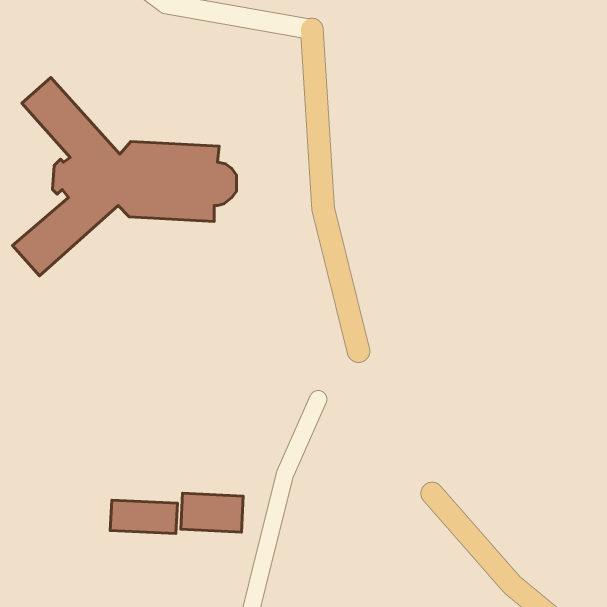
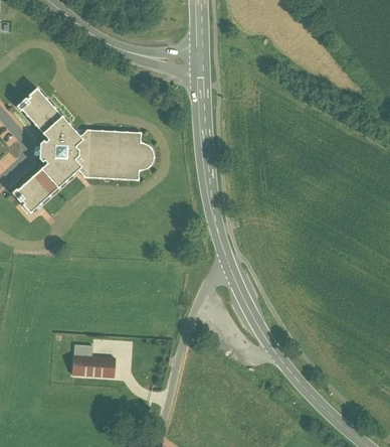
building: [181,493,243,532] -> none

